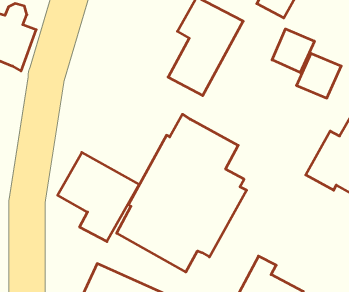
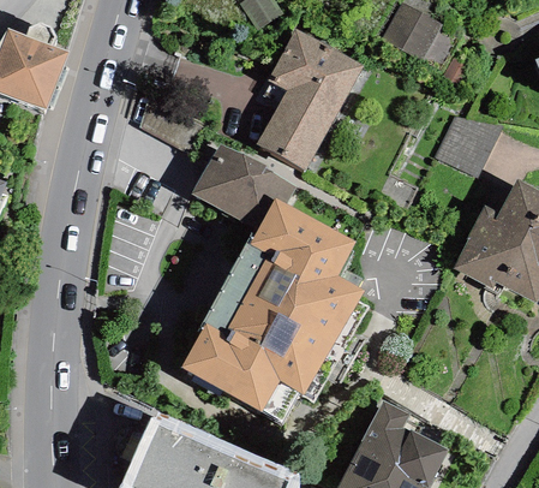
building: [272,29,314,73] -> none
building: none -> [188,142,294,228]
building: [58,152,139,242] -> none

